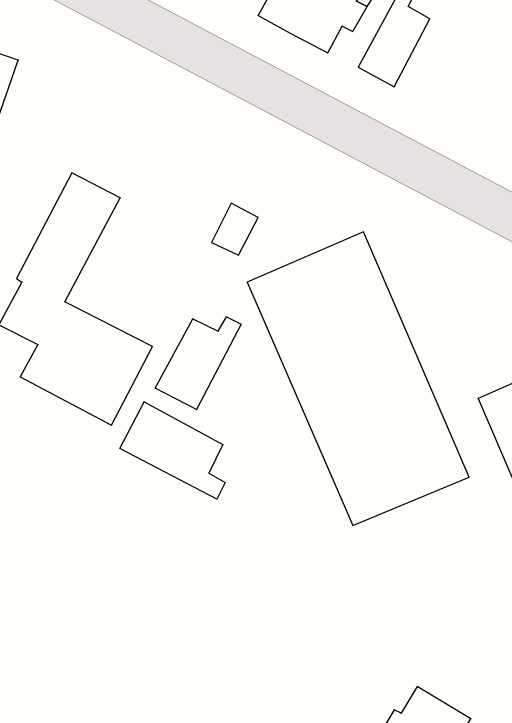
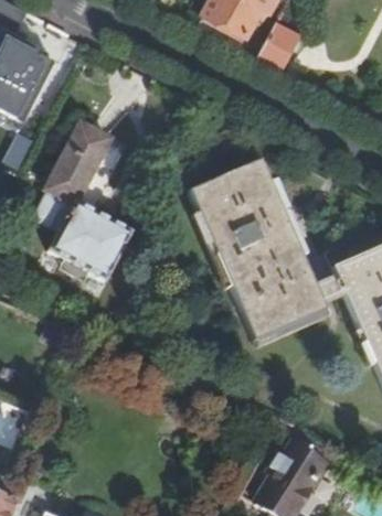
building: [155,317,241,410] -> none
building: [120,402,225,499] -> none

